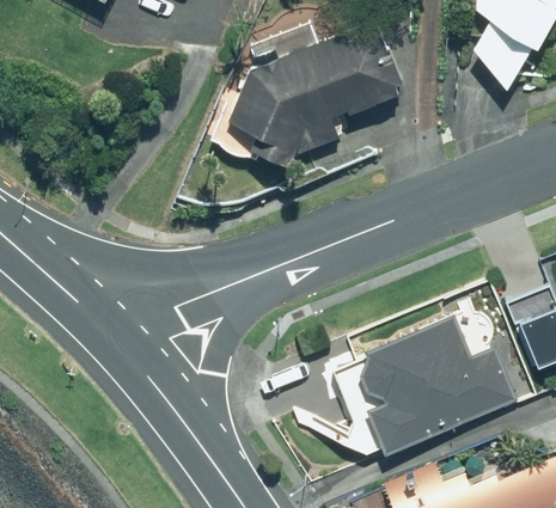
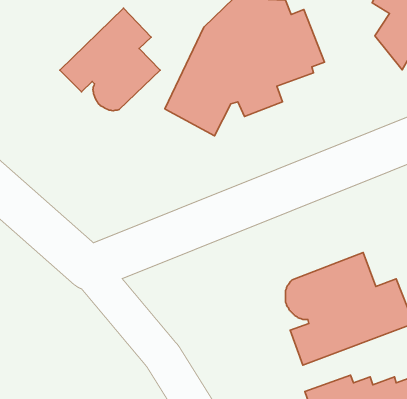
building: none -> [60,8,160,111]

